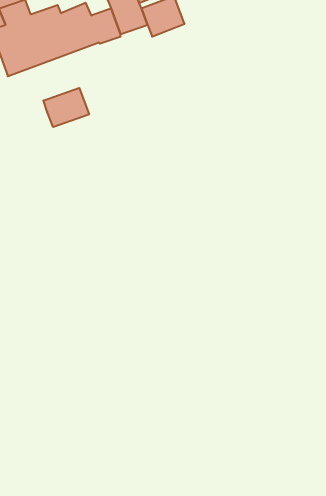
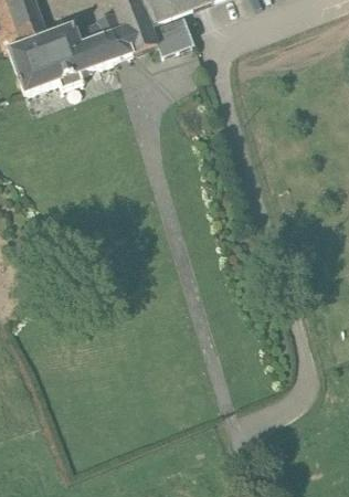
building: [43,88,89,127] -> none

